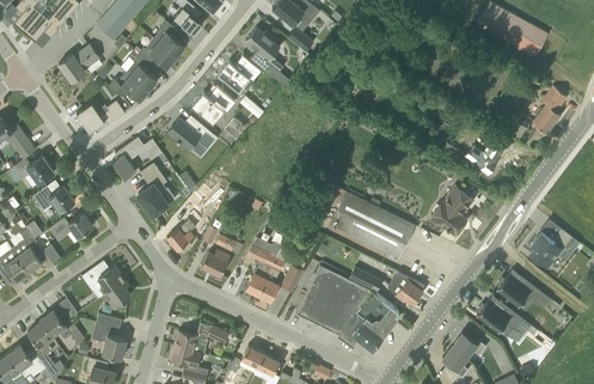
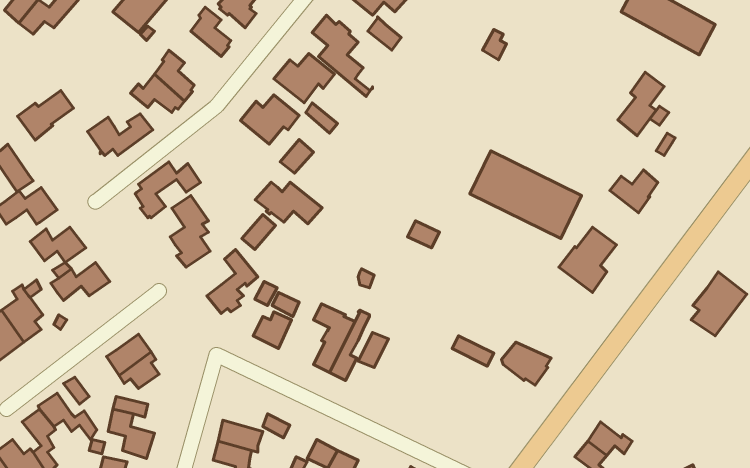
building: [137,39,177,68] -> none
building: [59,45,100,83] -> [18,91,73,140]
building: [532,86,567,134] -> [618,72,664,136]
building: [167,118,218,150] -> [255,182,322,224]
building: [330,193,414,258] -> [470,151,582,239]
building: [295,266,398,351] -> none
building: [496,278,551,309] -> none
building: [476,303,531,335] -> none

